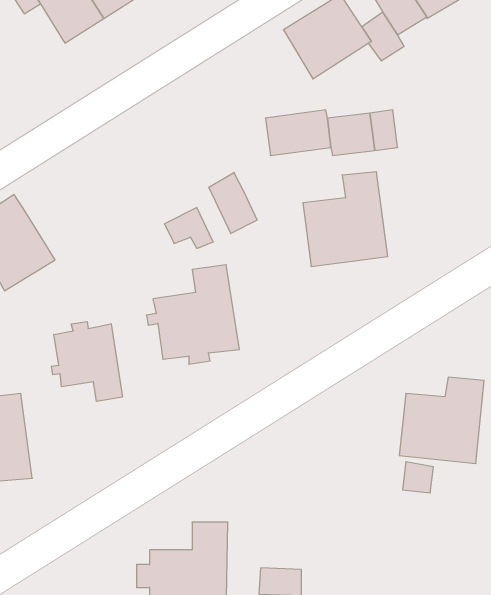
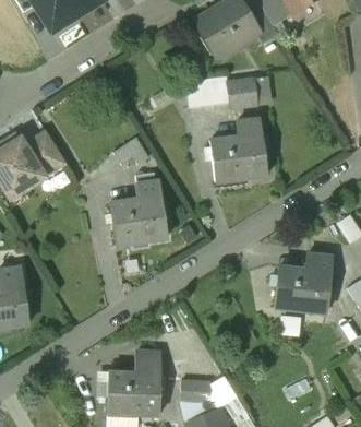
building: [209,172,257,234] -> none
building: none -> [25,131,67,176]
building: [51,322,122,401] -> none

